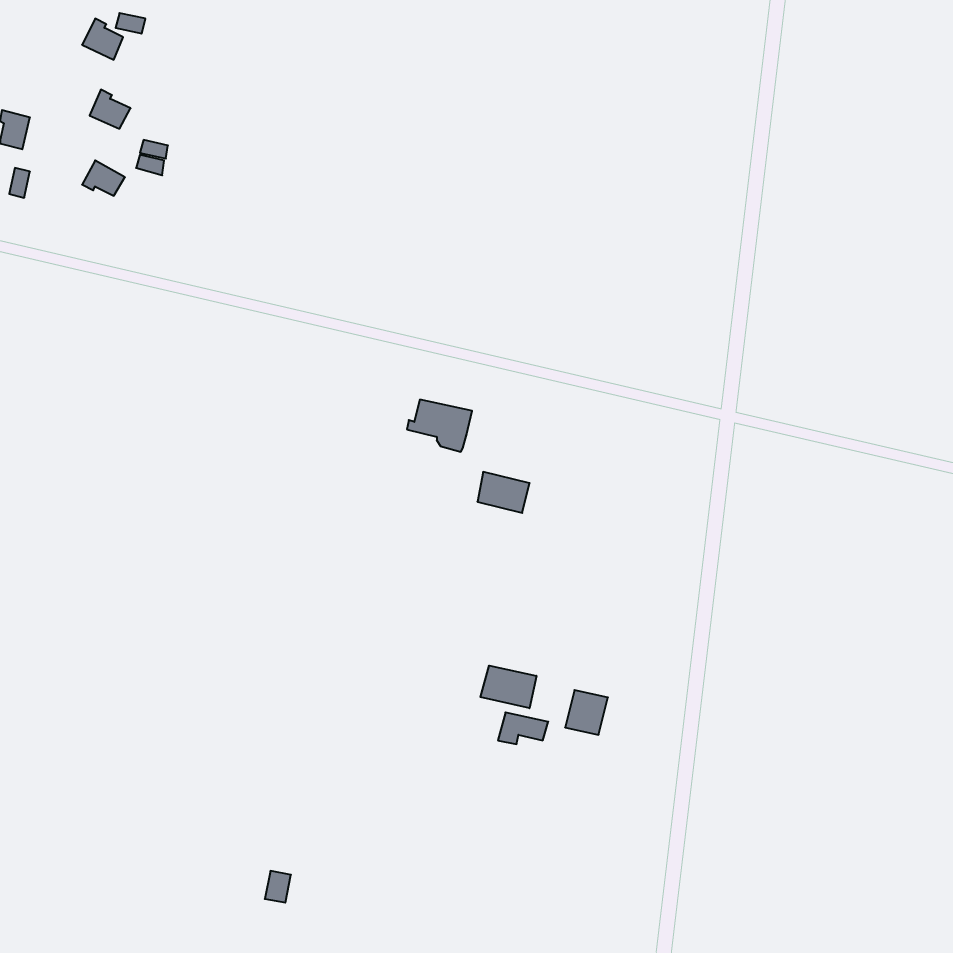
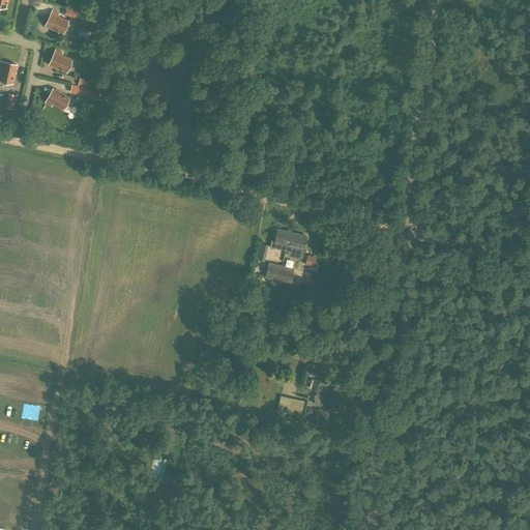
building: [407,400,472,452] -> [270,230,306,259]
building: [480,666,536,708] -> none

